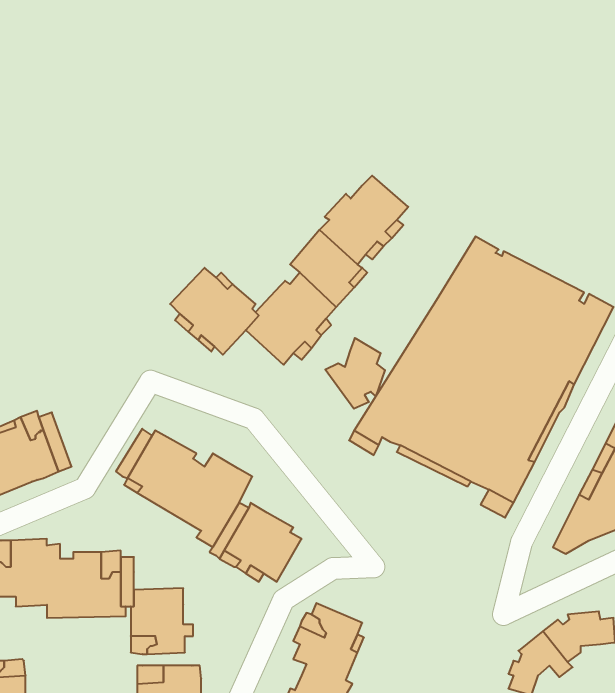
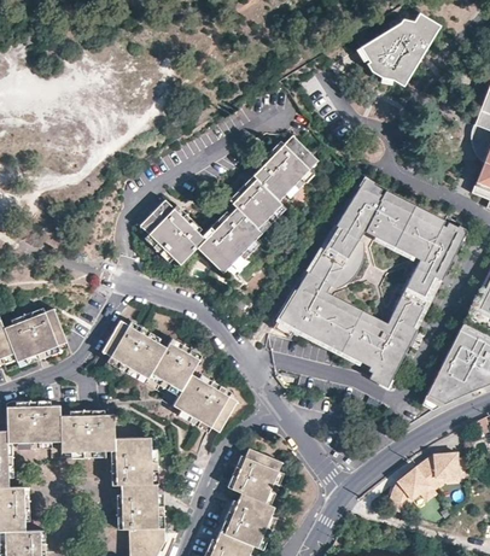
building: none -> [366,16,444,90]
building: [325,338,385,409] -> none

